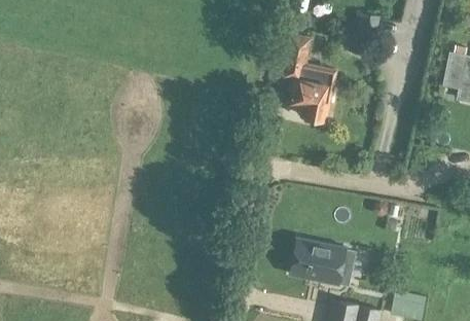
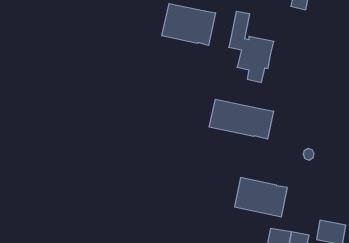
building: none -> [162,3,215,45]
building: none -> [209,99,274,139]

